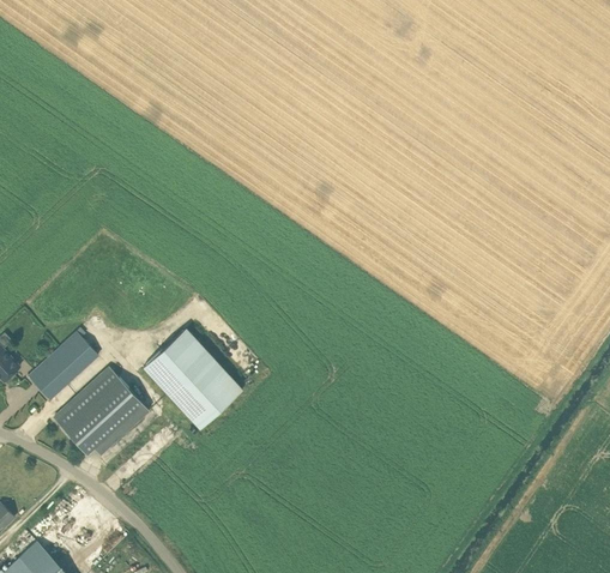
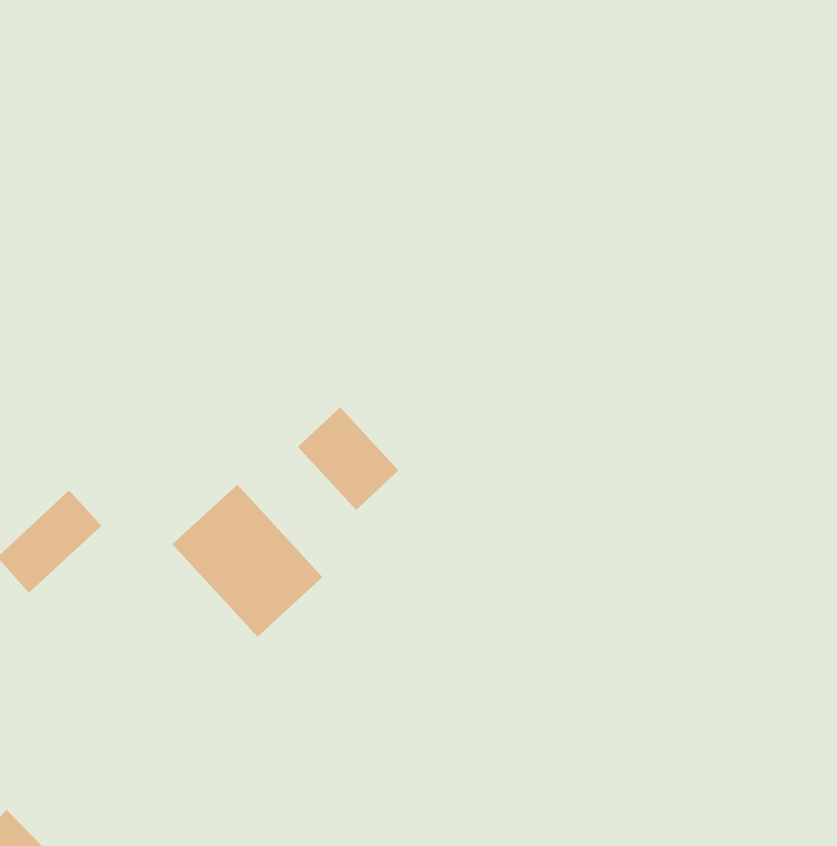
building: none -> [297,406,399,511]
building: [53,368,147,456] -> none

